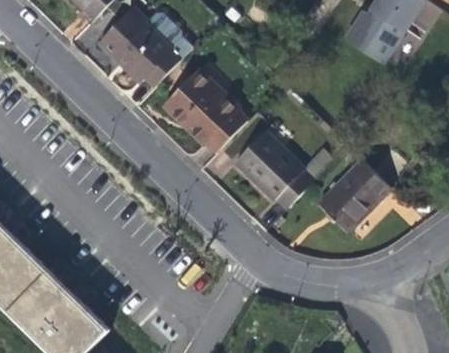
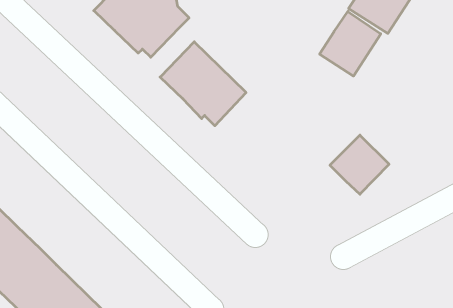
building: none -> [320,11,381,76]
building: [233,132,324,210] -> none

